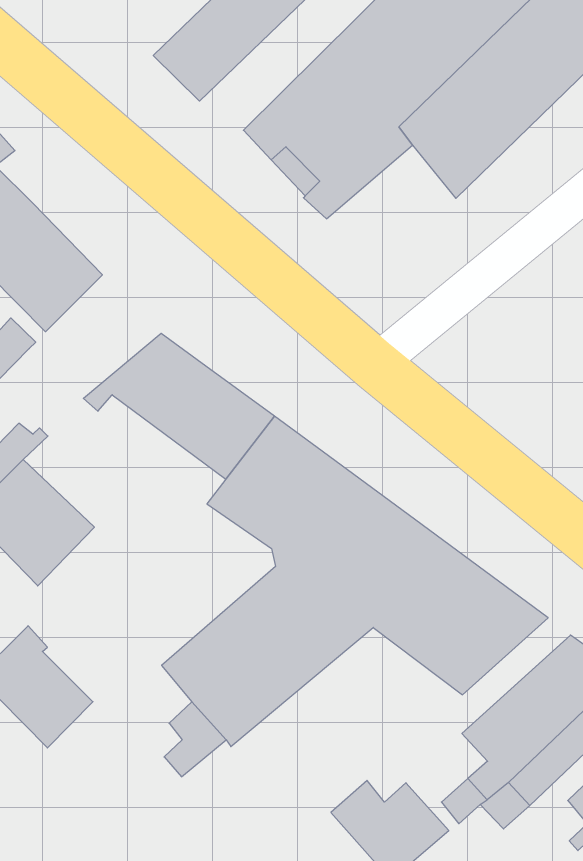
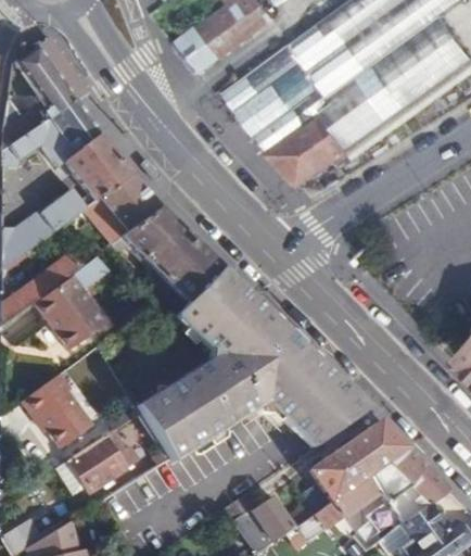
building: none -> [268,117,349,189]
building: none -> [82,170,162,242]
building: none -> [54,435,125,493]

